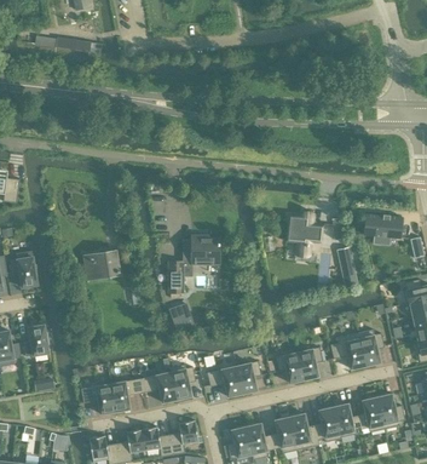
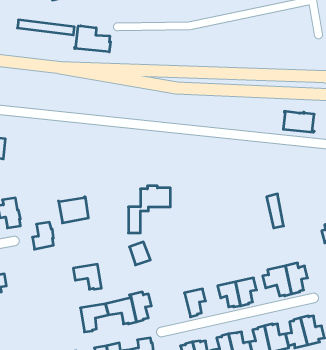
building: none -> [75,26,111,52]
building: [288,213,321,254] -> none
building: [364,213,402,239] -> [283,111,314,132]
building: [23,325,48,357] -> [32,222,53,249]
building: [207,366,243,397] -> none
building: [81,384,115,414] -> [73,264,101,289]

